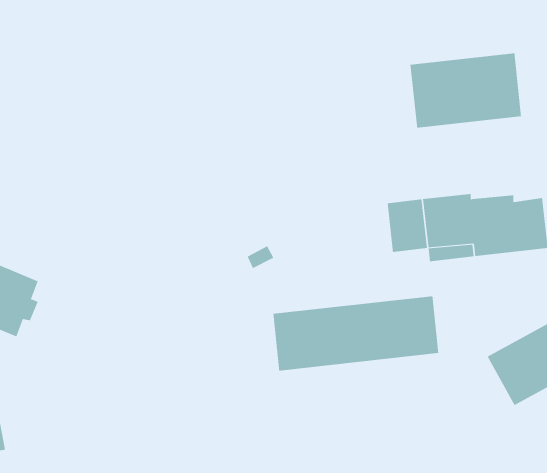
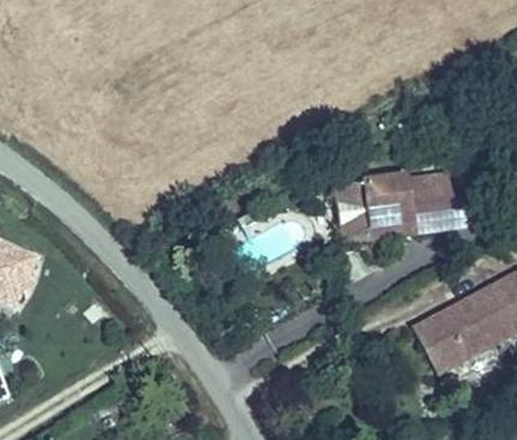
building: [410,52,522,128] -> none
building: [273,295,439,371] -> none

